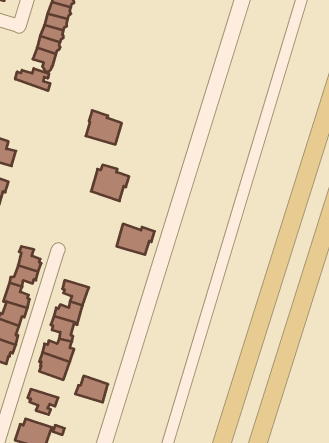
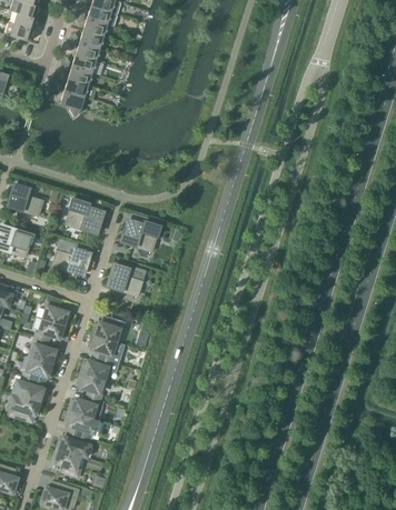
building: [15,68,50,91] -> none
building: [86,110,122,144] -> [66,198,103,233]
building: none -> [53,239,90,276]
building: [117,224,155,255] -> [106,262,146,294]
building: none -> [92,314,123,342]
building: [75,376,108,402] -> [57,430,91,458]

